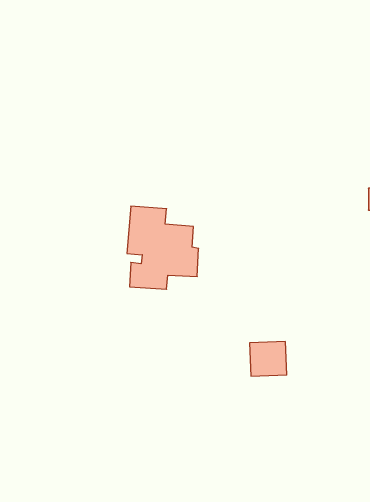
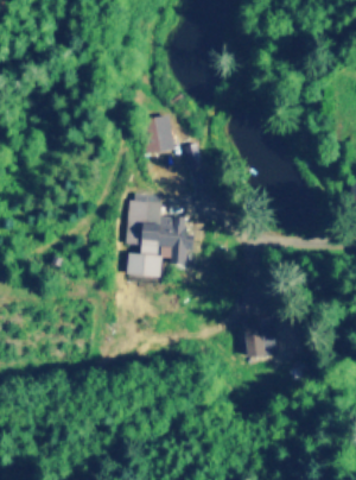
building: none -> [141,115,176,154]

